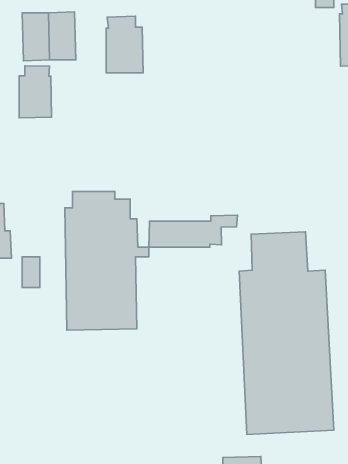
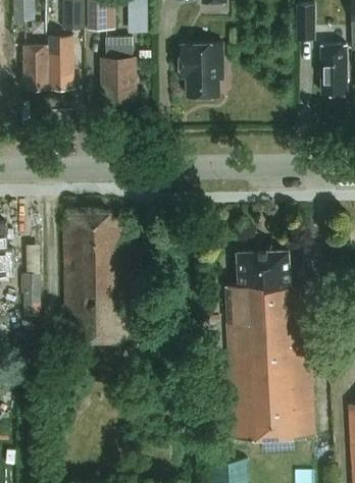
building: none -> [181,45,222,98]
building: [19,66,52,118] -> none
building: [149,215,237,247] -> none

